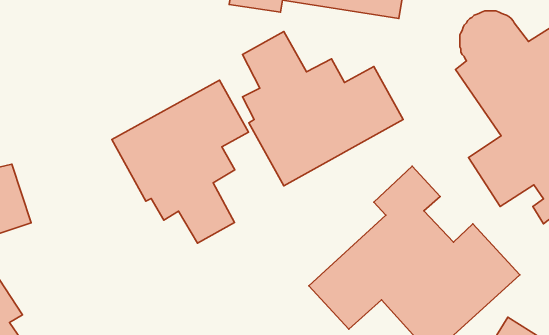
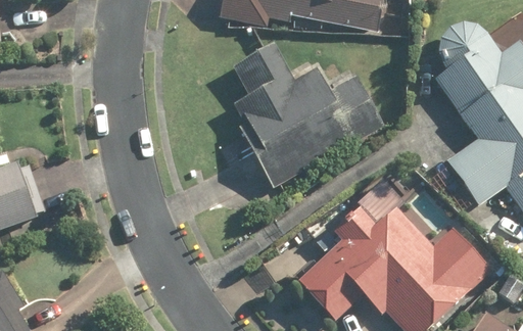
building: [112,80,248,243] -> none

